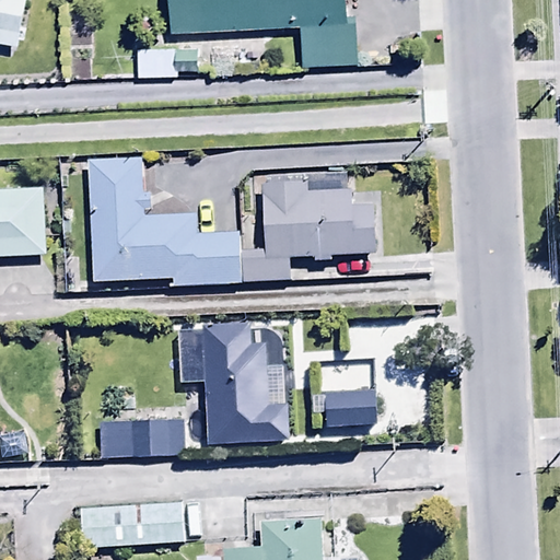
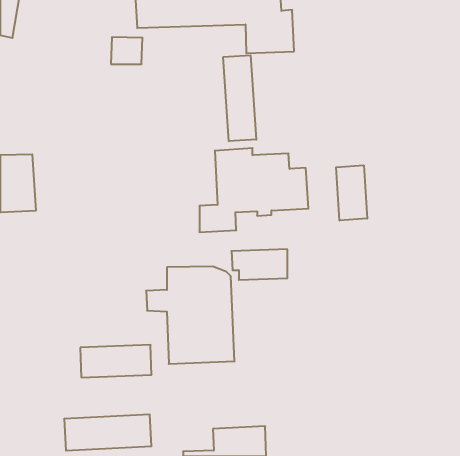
building: none -> [223,55,256,141]
building: [88,155,243,285] -> none
building: none -> [336,165,367,221]
building: [314,390,382,428] -> [231,249,287,280]

